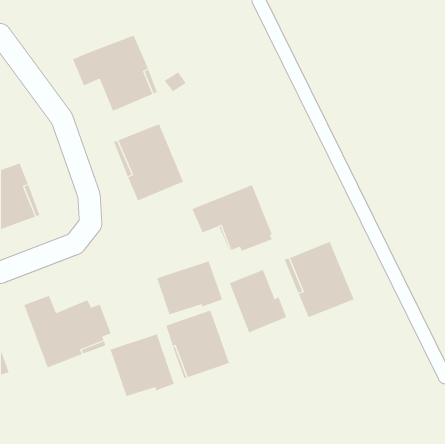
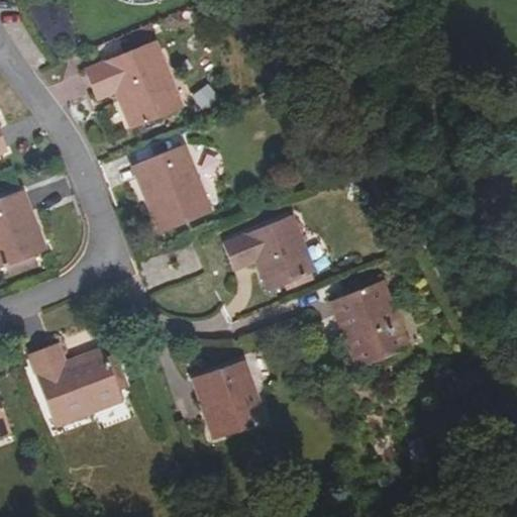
building: [156,260,223,315] -> none
building: [229,269,287,333] -> none
building: [110,334,175,397] -> none

